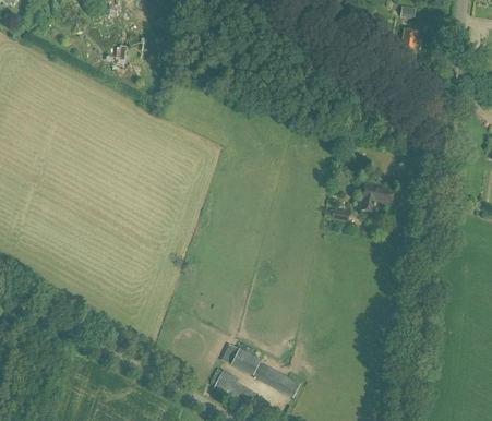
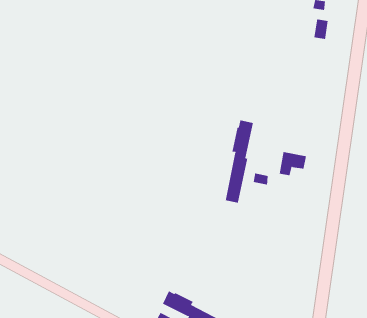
building: none -> [225,119,254,203]

